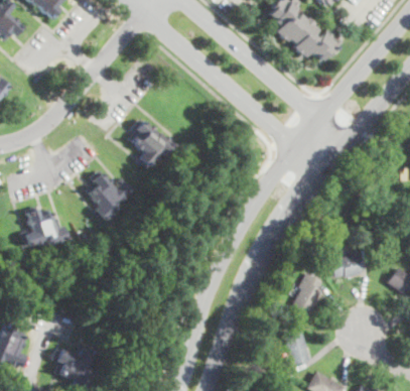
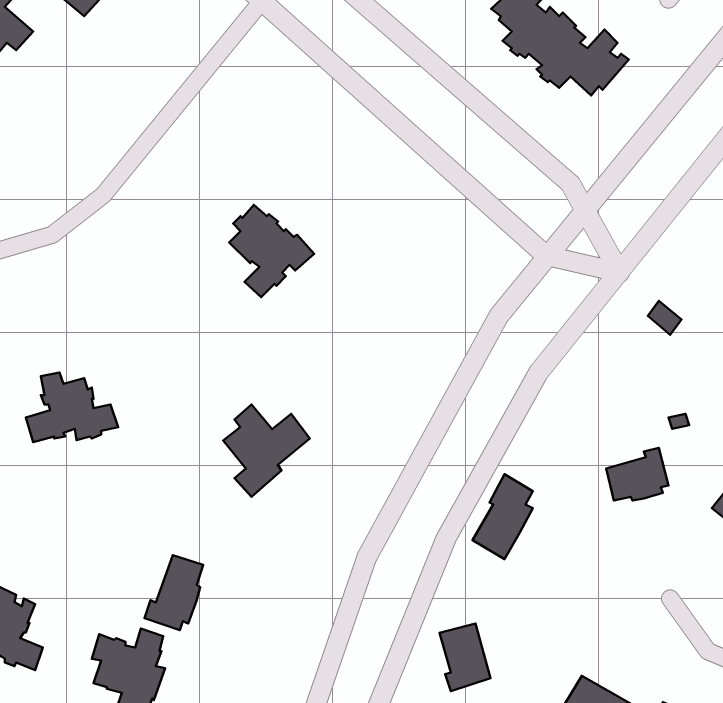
building: [87,171,133,221] -> [223,405,310,497]
building: [290,272,322,317] -> [473,474,533,559]
building: none -> [144,555,203,630]
building: [283,331,310,367] -> [440,623,490,691]

